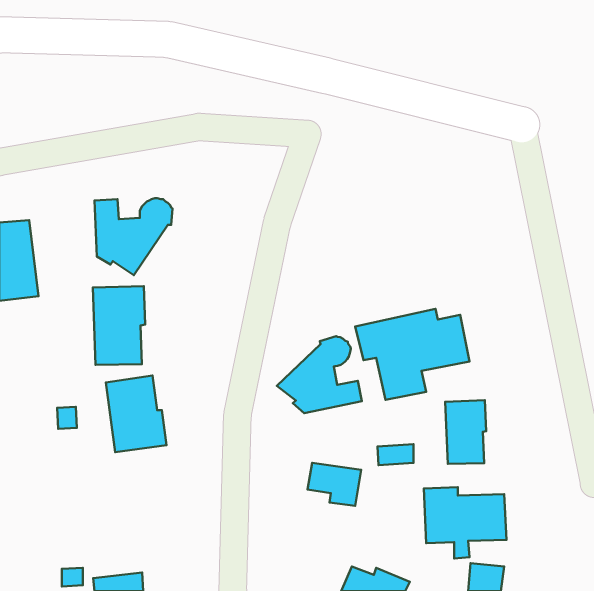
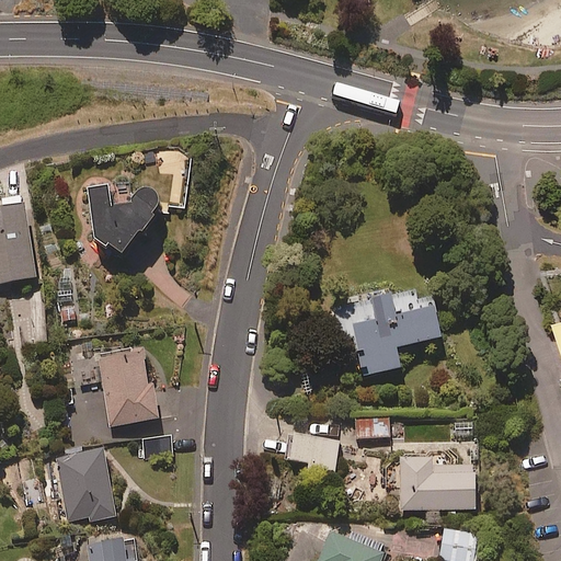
building: [93,286,145,365] -> none
building: [277,336,362,413] -> none
building: [445,400,486,464] -> none
building: none -> [57,450,114,519]

